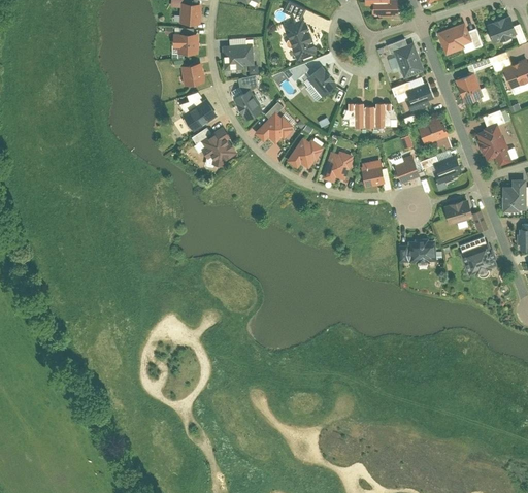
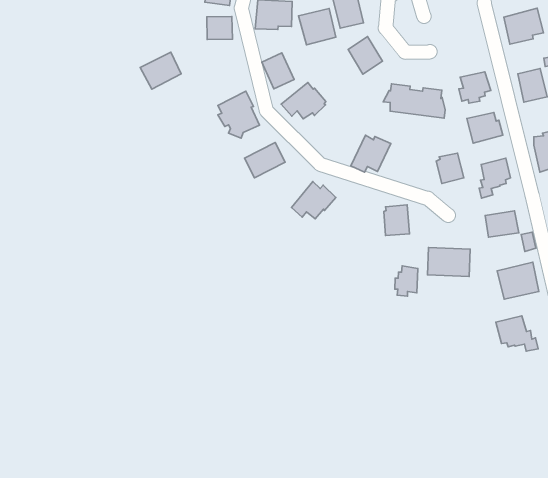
building: [392,42,425,79] -> none
building: none -> [299,8,336,45]
building: [182,98,218,132] -> [140,52,181,89]
building: [287,136,324,168] -> [292,181,336,219]
building: [361,159,386,188] -> [384,205,410,236]
building: none -> [245,142,285,178]
building: none -> [395,266,418,296]
building: none -> [496,316,538,351]

